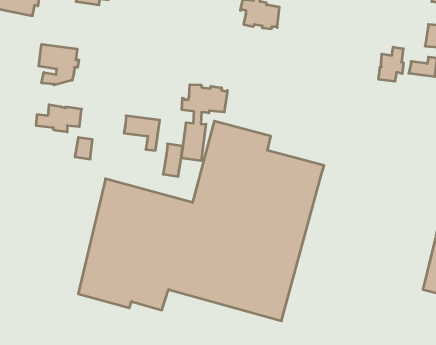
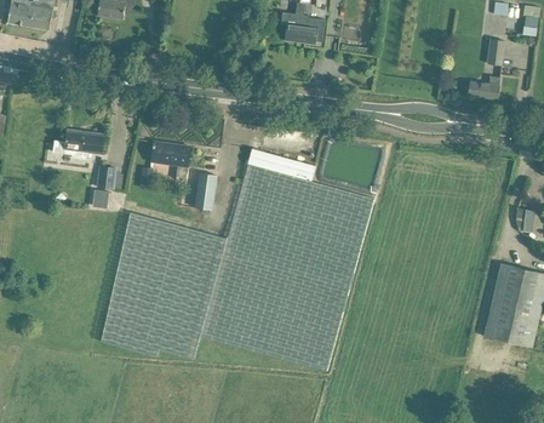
building: [39,44,79,85] -> none
building: [379,47,403,81] -> none
building: [182,85,227,161] -> none

